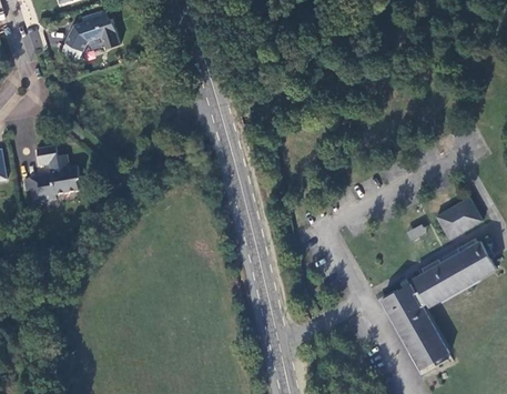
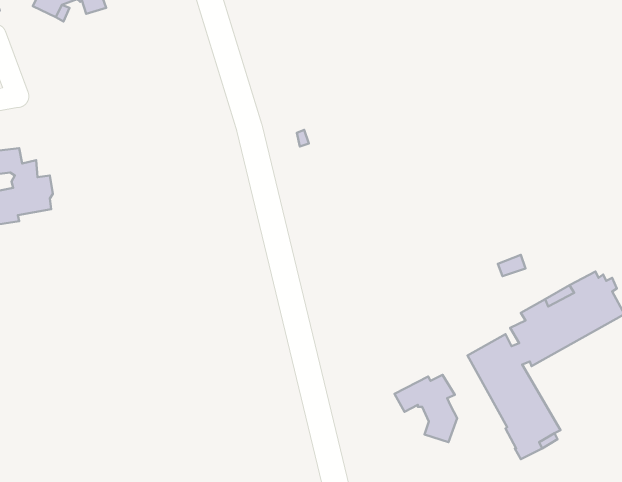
building: [435,196,481,240] -> none
building: none -> [395,375,457,442]

